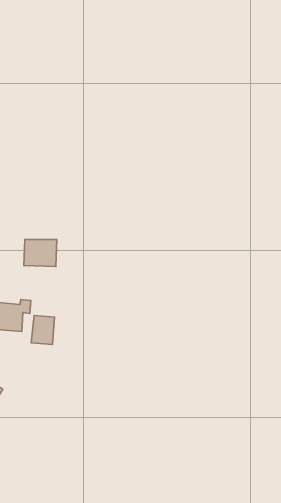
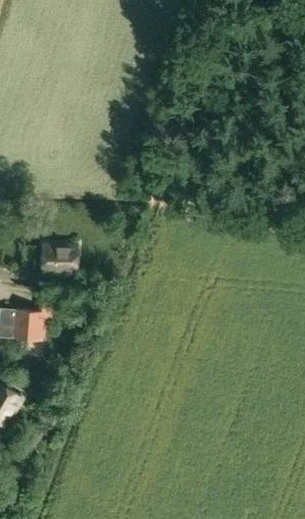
building: [31,316,55,344] -> none

